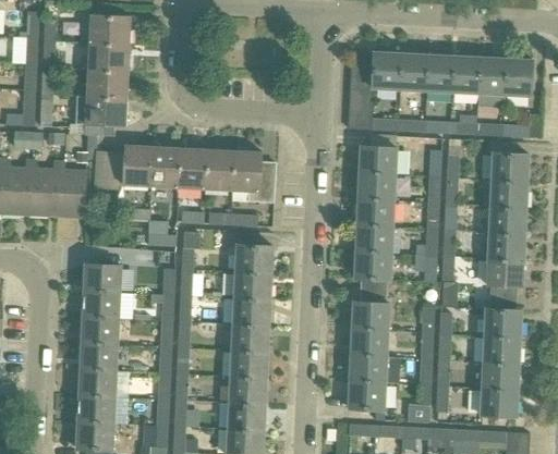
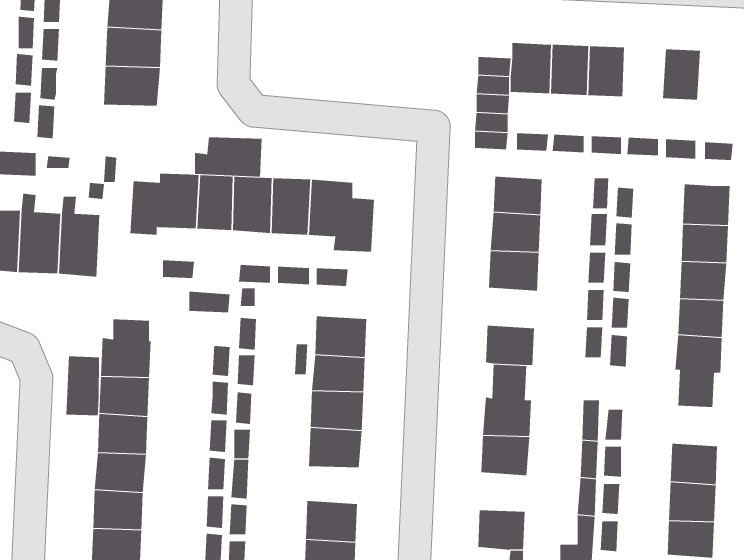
building: [451,58,481,94] -> none
building: [504,60,530,96] -> none
building: [76,98,124,126] -> [194,137,263,177]
building: [355,226,391,255] -> none
building: none -> [66,356,99,416]
building: [485,309,520,338] -> none
building: [229,352,266,378] -> none
building: [350,356,384,383] -> none

